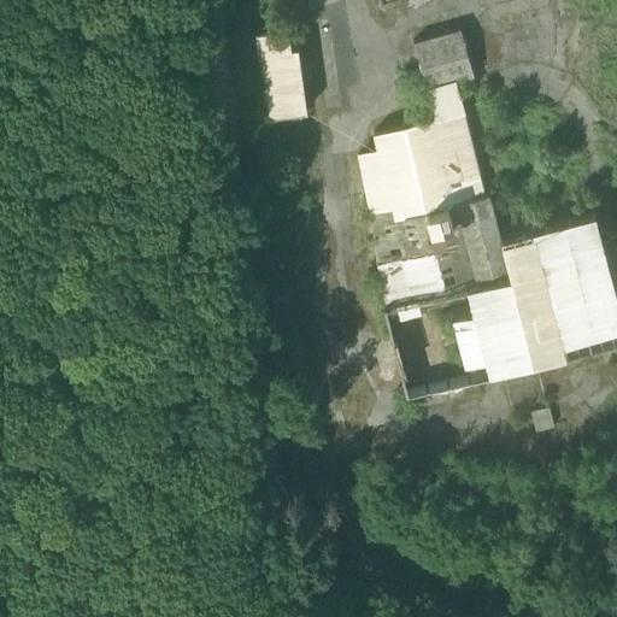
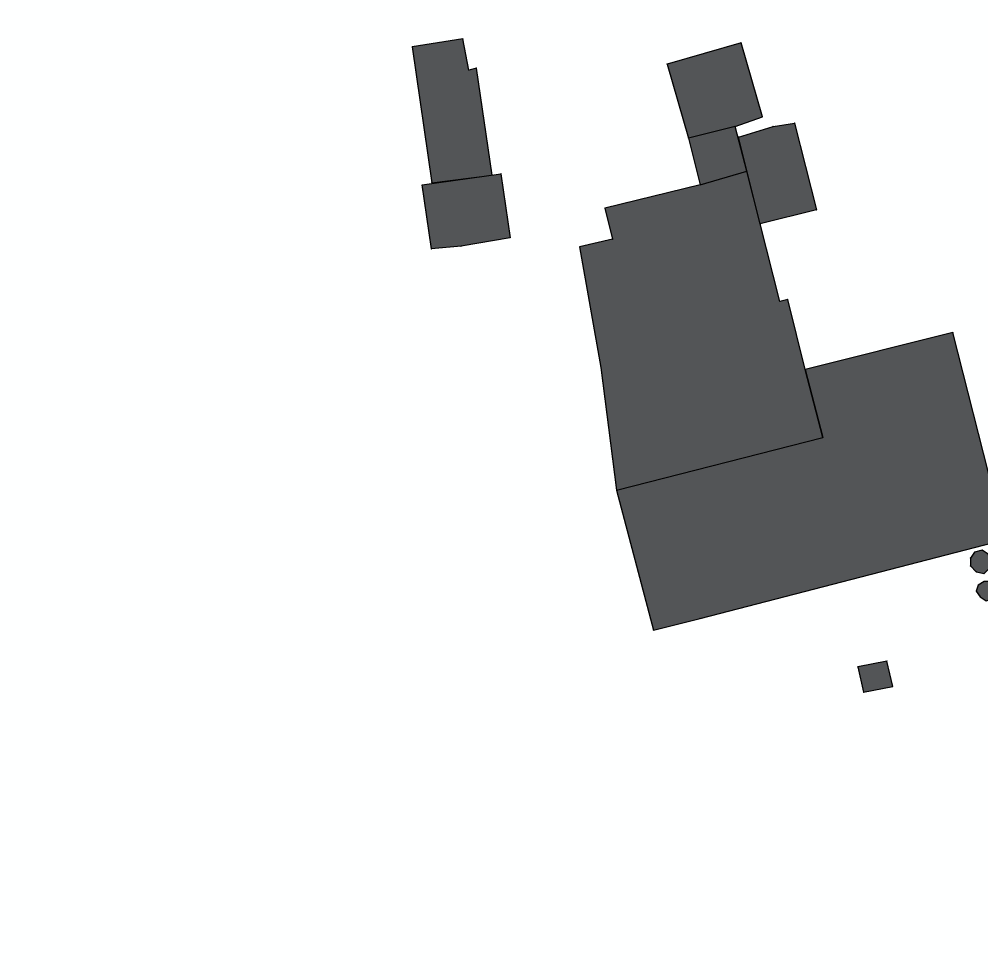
building: none -> [739,123,816,224]
building: none -> [422,174,510,249]

